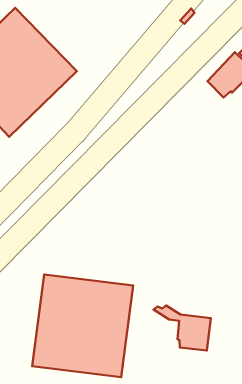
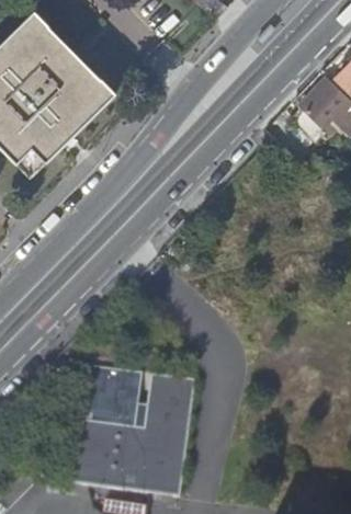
building: [154,305,211,350] -> none

